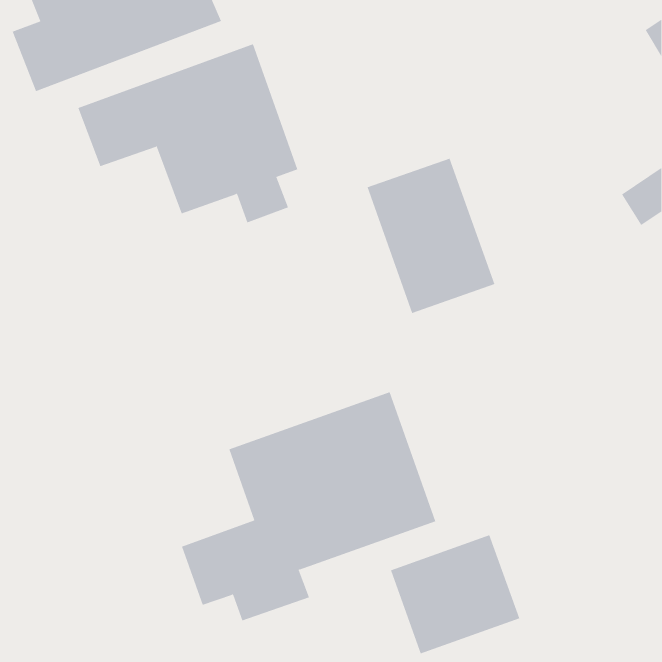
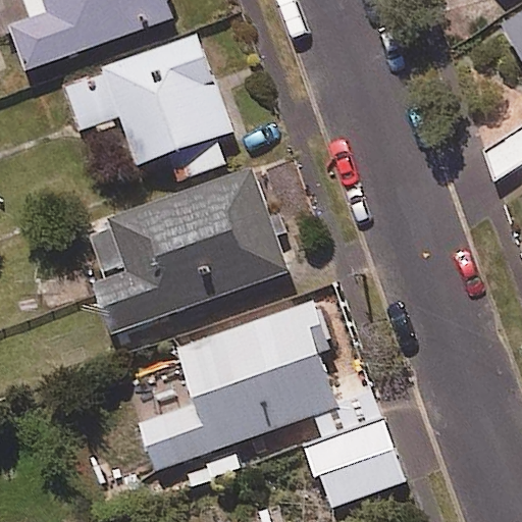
building: [367,158,495,314] -> none
building: none -> [86,166,290,332]

